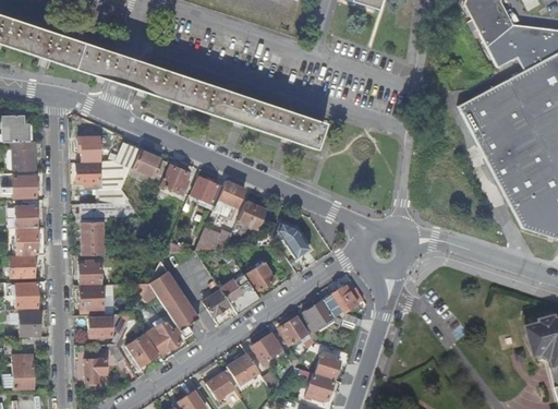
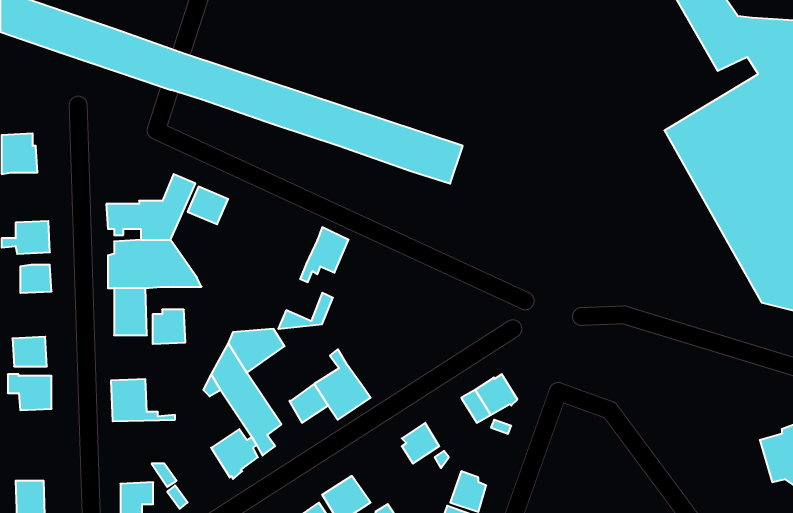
building: [78,135,100,159] -> none
building: [10,141,36,169] -> none
building: [161,165,189,192] -> none
building: [186,177,223,205] -> none
building: [238,201,265,228] -> none
building: [274,215,308,257] -> none
building: [14,227,38,254] -> none
building: [80,258,102,282] -> [153,310,185,344]
building: [244,262,276,291] -> none
building: [307,299,333,329] -> none
building: [19,310,40,336] -> none
building: [89,315,112,336] -> none
building: [255,332,283,366] -> none
building: [128,333,158,365] -> none

